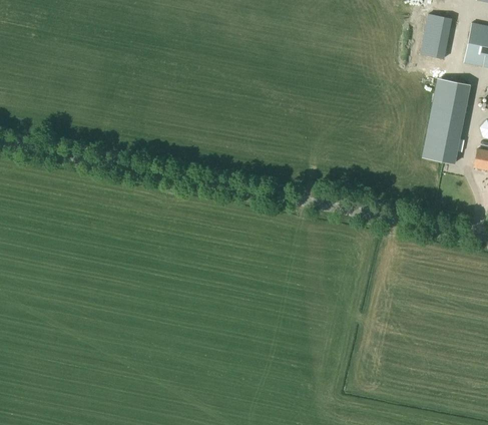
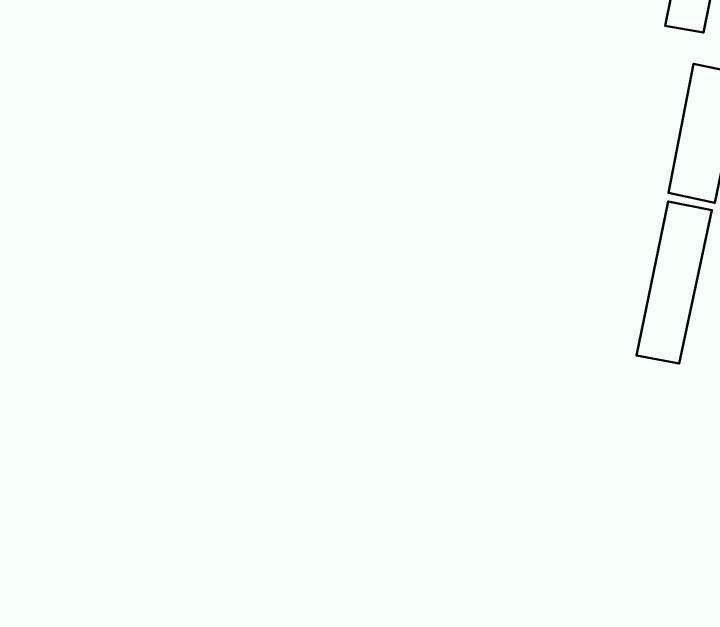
building: none -> [637,201,712,364]

